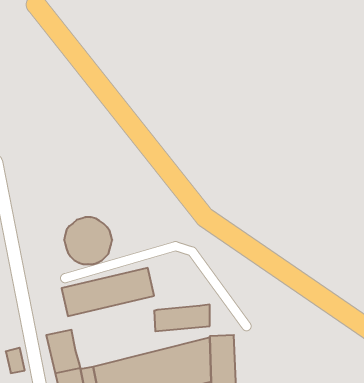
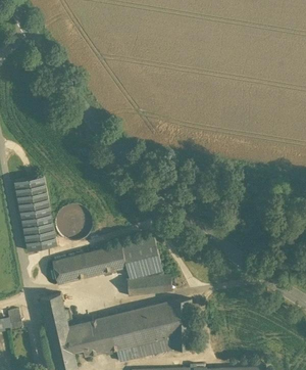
building: none -> [14,174,56,249]
building: none -> [121,235,163,277]

